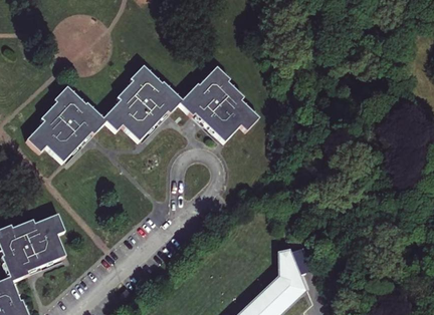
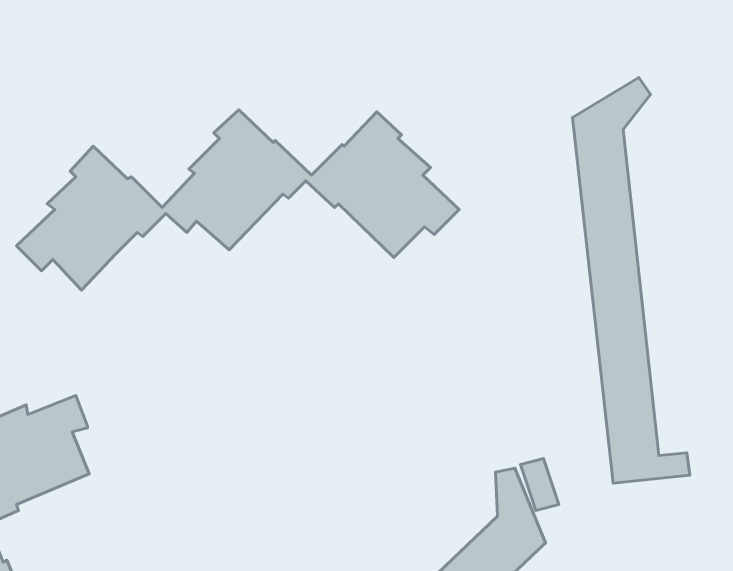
building: none -> [572,78,690,483]

